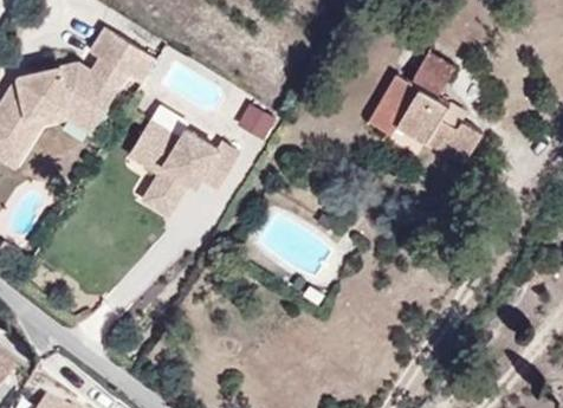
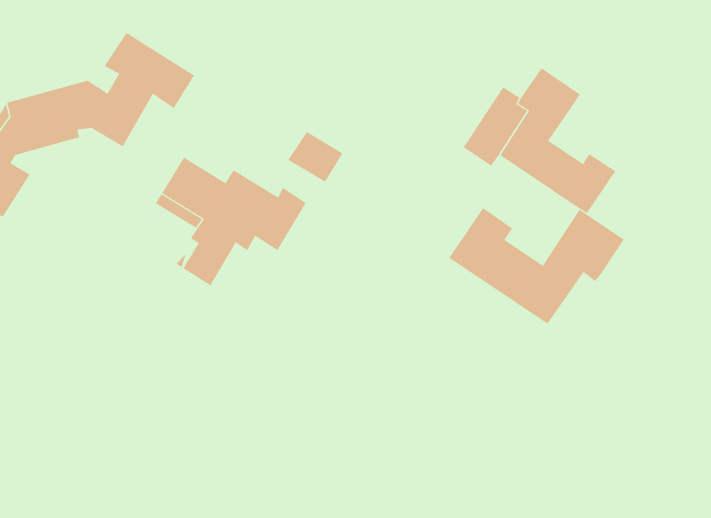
building: [26,98,109,132] -> none
building: none -> [449,207,625,325]

